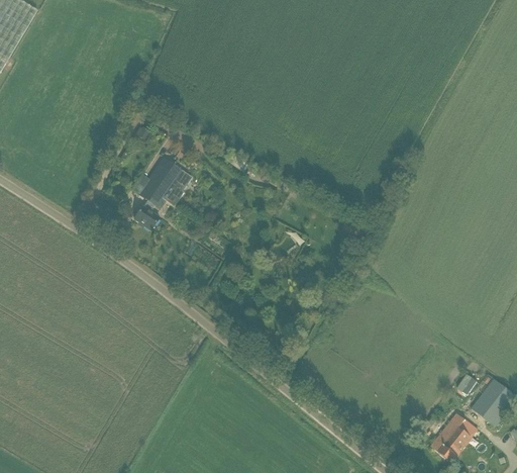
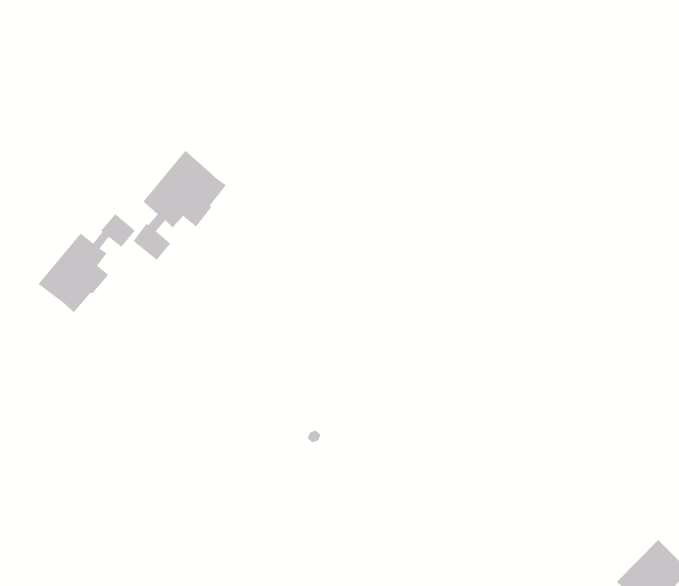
building: none -> [38,213,136,313]

